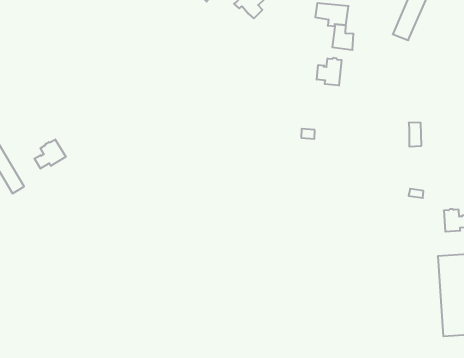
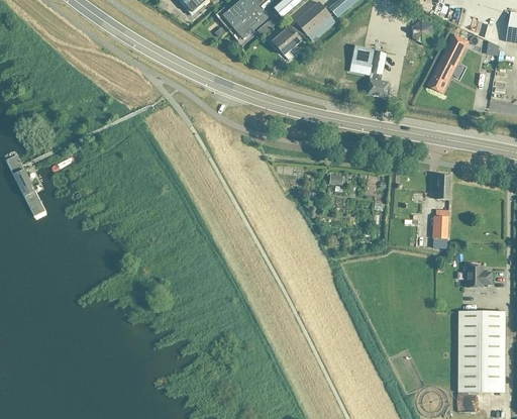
building: [317,58,342,86] -> none
building: [34,139,66,169] -> none
building: none -> [431,214,448,237]

